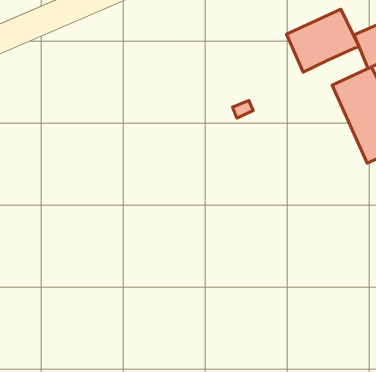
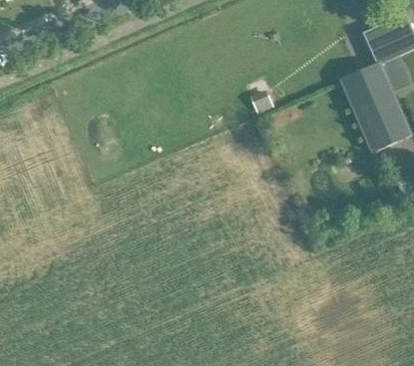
building: [287,9,359,72] -> none

